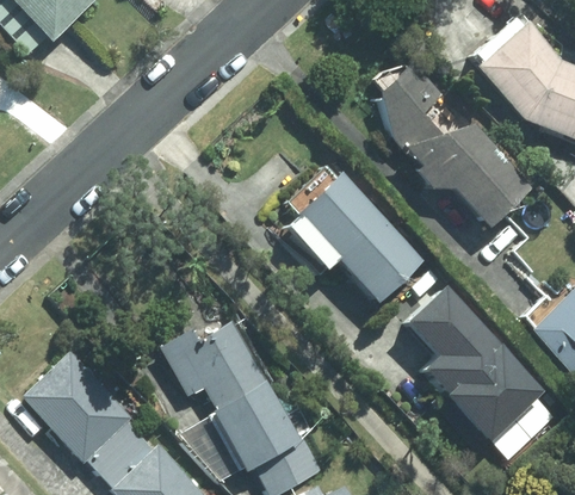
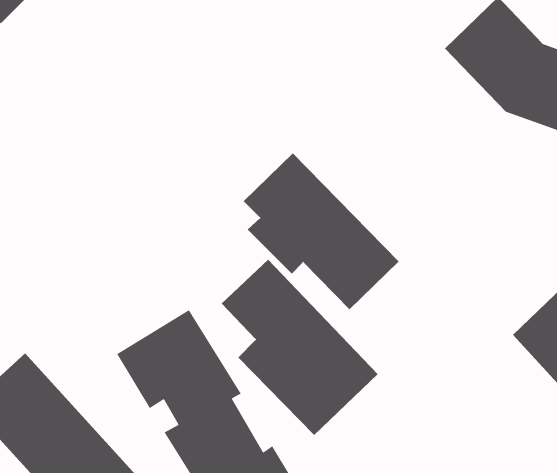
building: [378,64,532,231] -> none
building: [398,284,545,448] -> [221,259,378,436]

